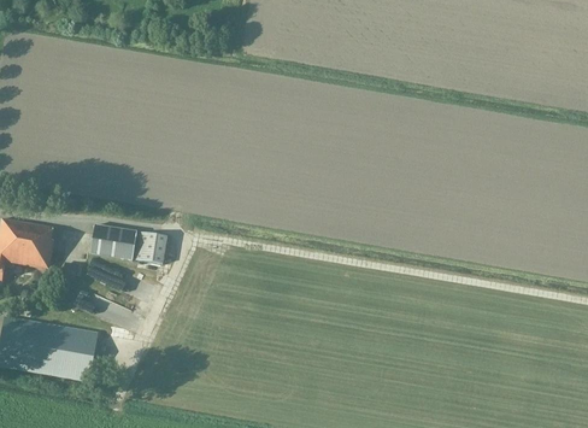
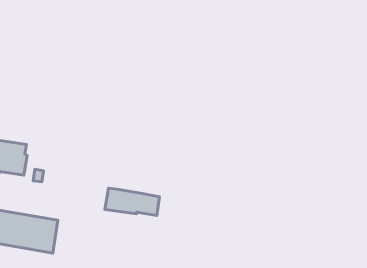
building: [88,223,165,262] -> [105,188,159,216]

